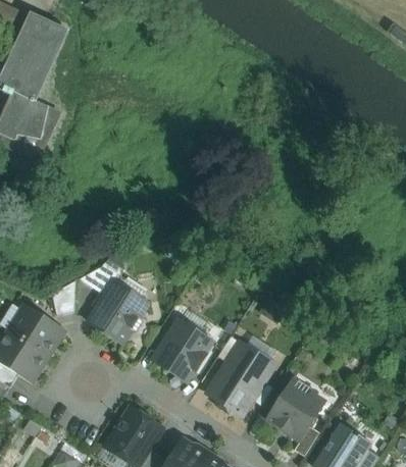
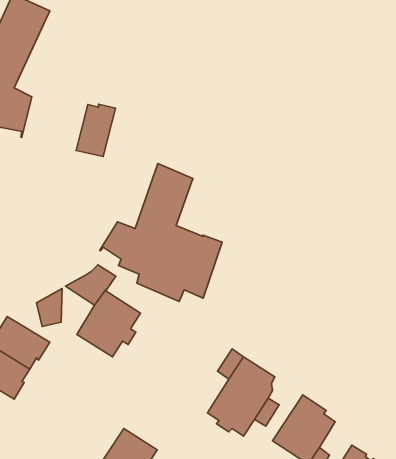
building: none -> [76,104,116,157]
building: none -> [100,164,222,301]
building: [155,321,210,379] -> none

